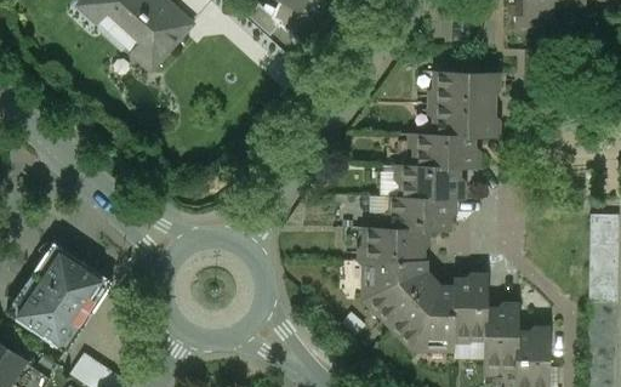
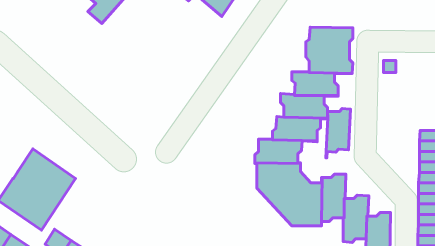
building: none -> [326,108,351,158]

